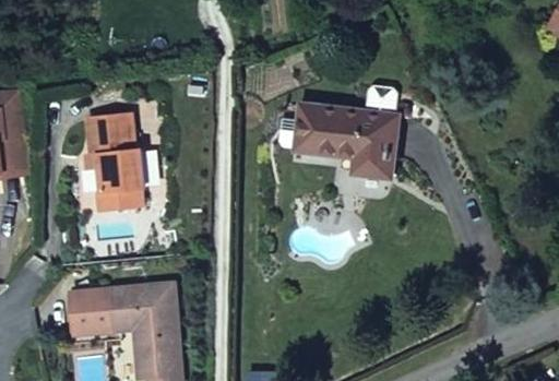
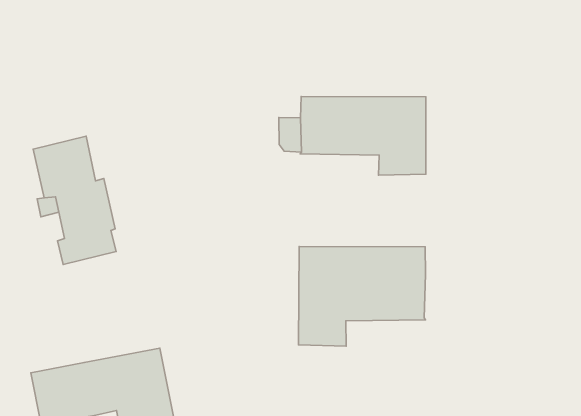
building: none -> [299,246,425,346]

